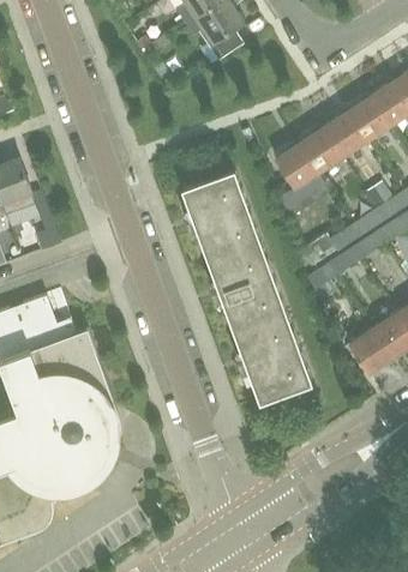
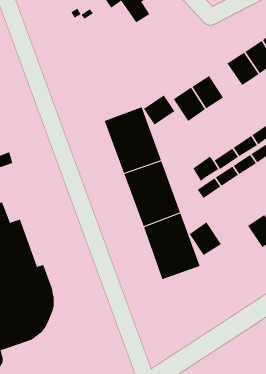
building: [322,110,365,156] -> none
building: none -> [143,94,175,126]
building: [348,327,392,373] -> [189,222,222,256]

